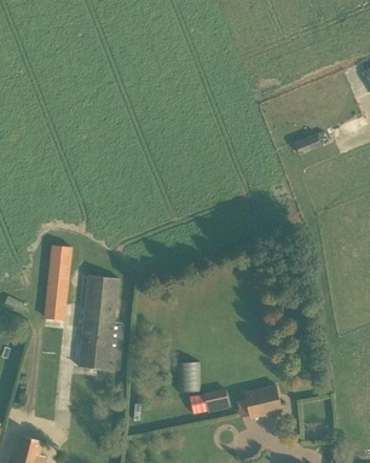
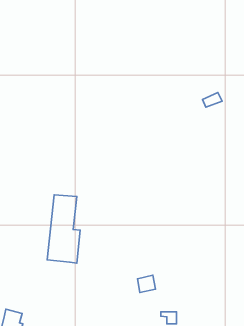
building: [46,244,73,319] -> none
building: [243,384,282,418] -> none

